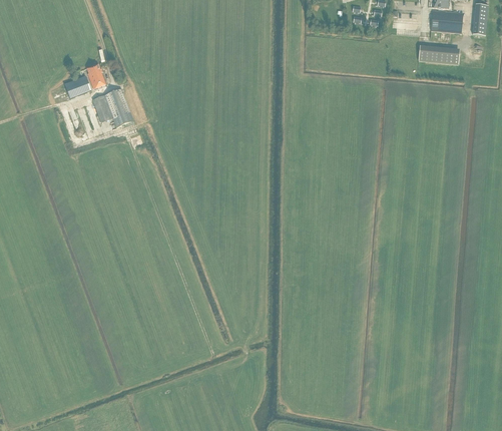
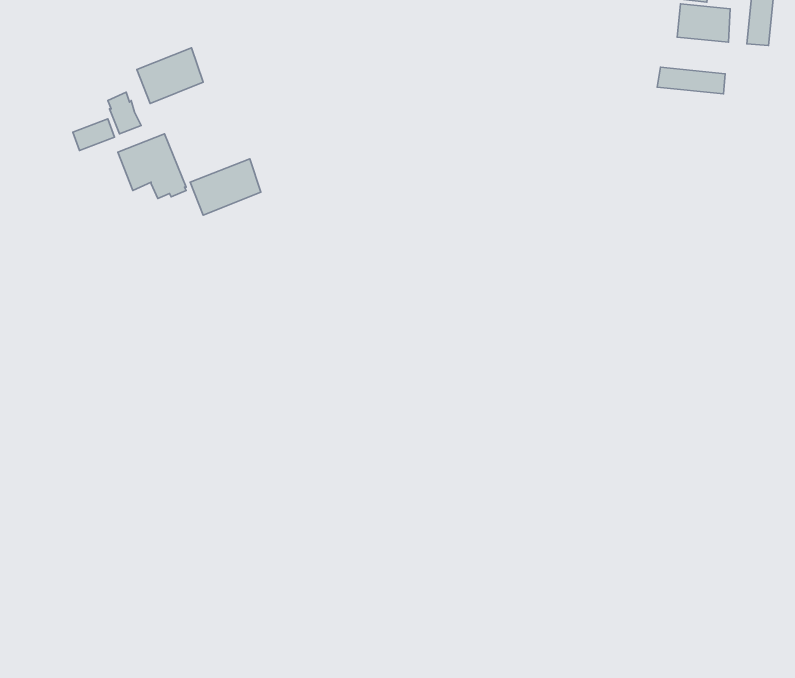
building: none -> [137,48,203,103]
building: none -> [190,159,261,215]

